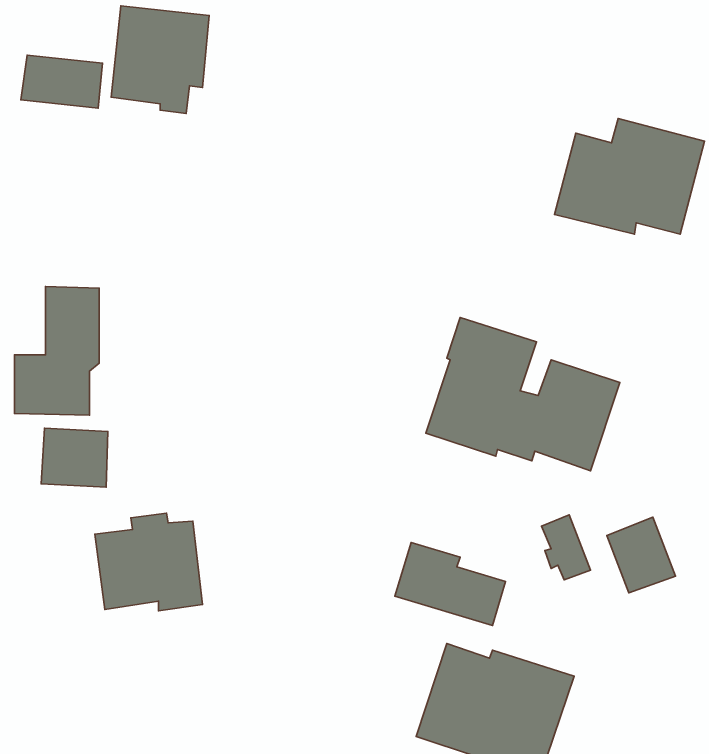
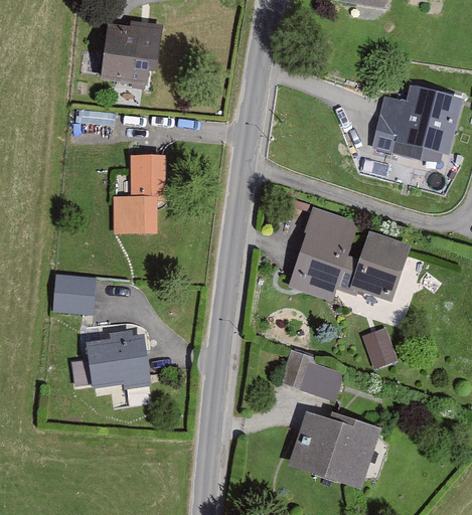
building: [21,55,103,108] -> none
building: [14,286,99,415] -> [112,154,164,233]
building: [607,517,675,593] -> none

